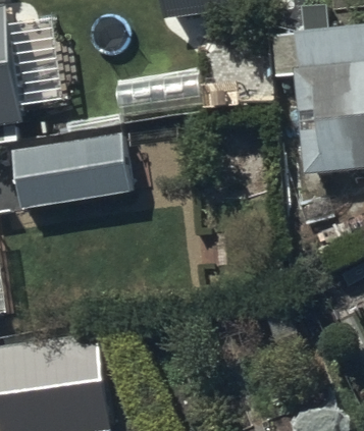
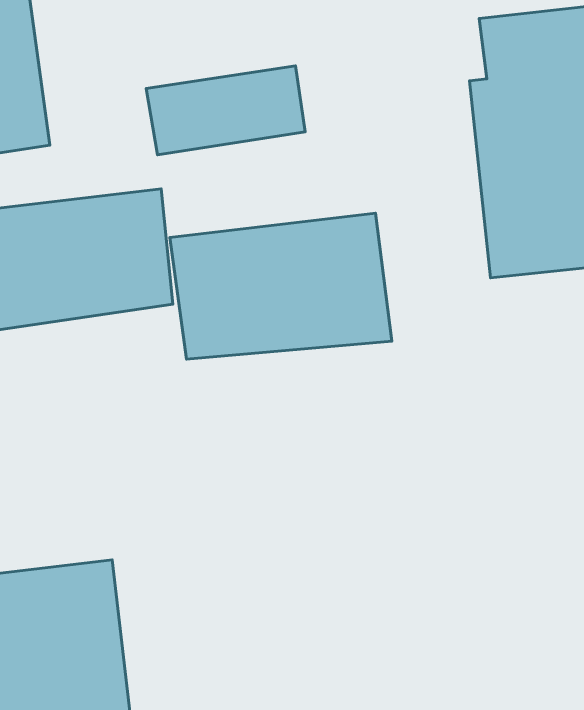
building: none -> [170,213,392,359]

